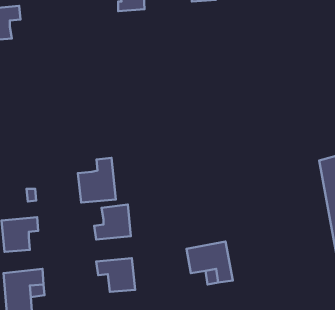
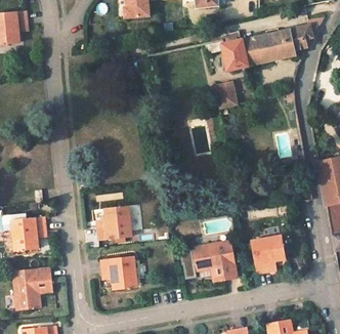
building: none -> [204,16,324,70]
building: none -> [214,81,237,107]
building: [78,158,116,202] -> none
building: none -> [249,235,284,274]

